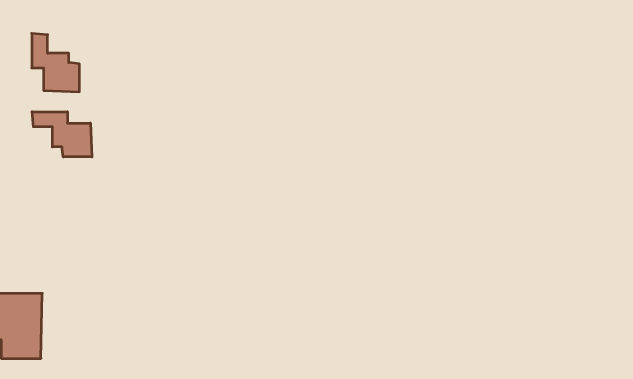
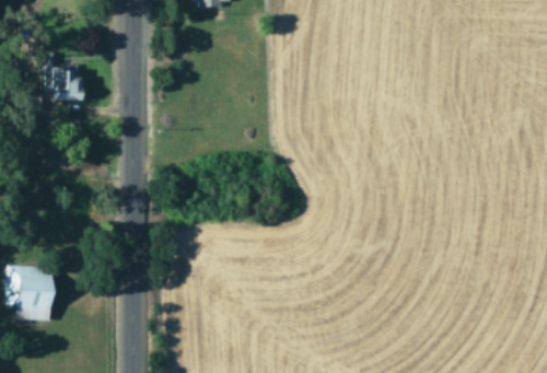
building: [32,112,92,157] -> none

